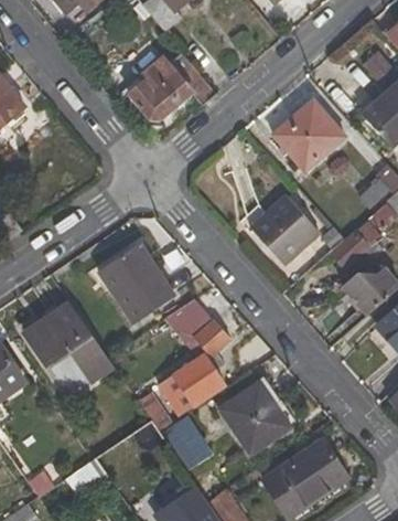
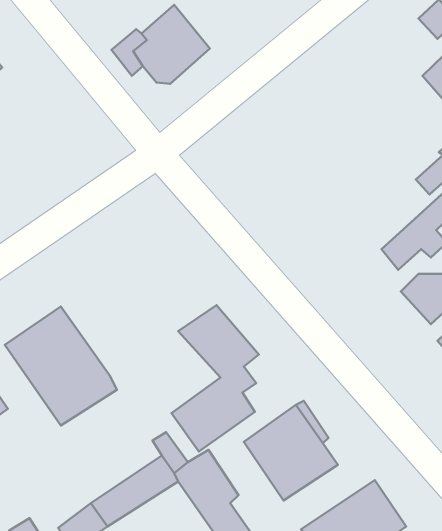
building: [272,98,345,171] -> none
building: [249,194,319,265] -> none
building: [99,245,178,323] -> none

